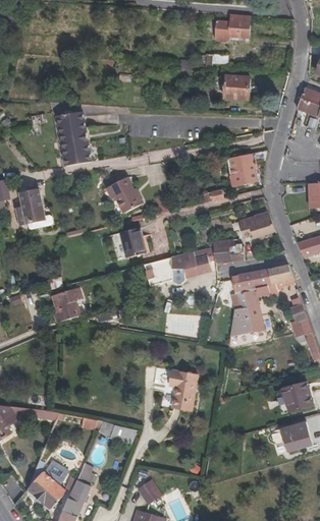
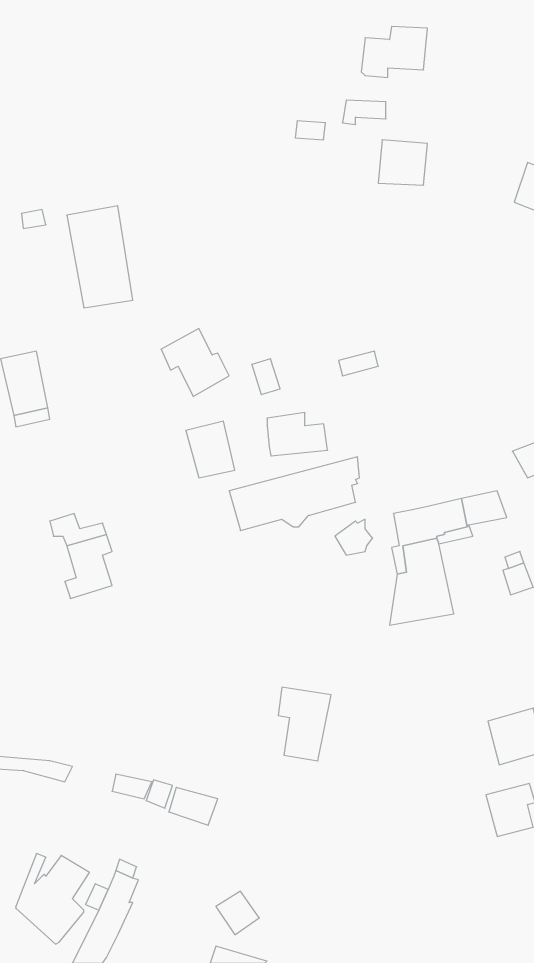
building: [229,151,266,186] -> none
building: [241,211,274,239] -> none
building: [212,239,245,263] -> [267,413,328,456]

